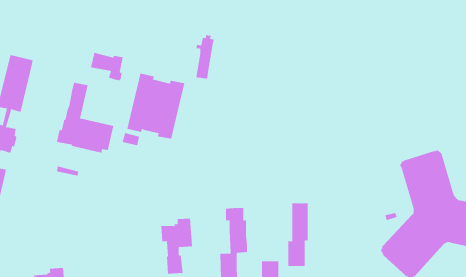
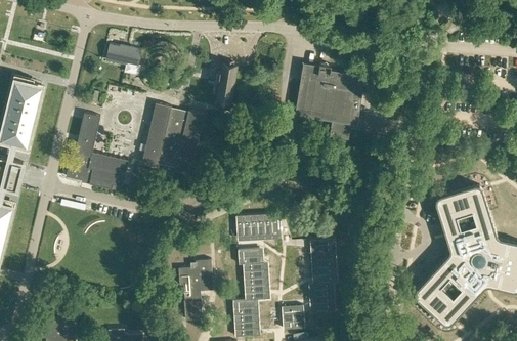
building: none -> [294,62,363,139]
building: [90,52,123,81] -> [104,44,140,75]
building: none -> [247,215,288,237]

